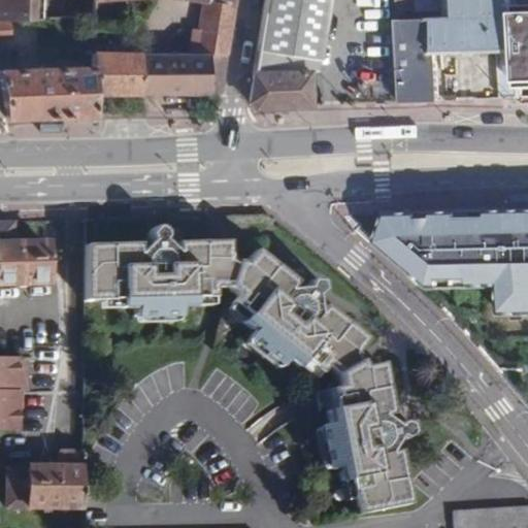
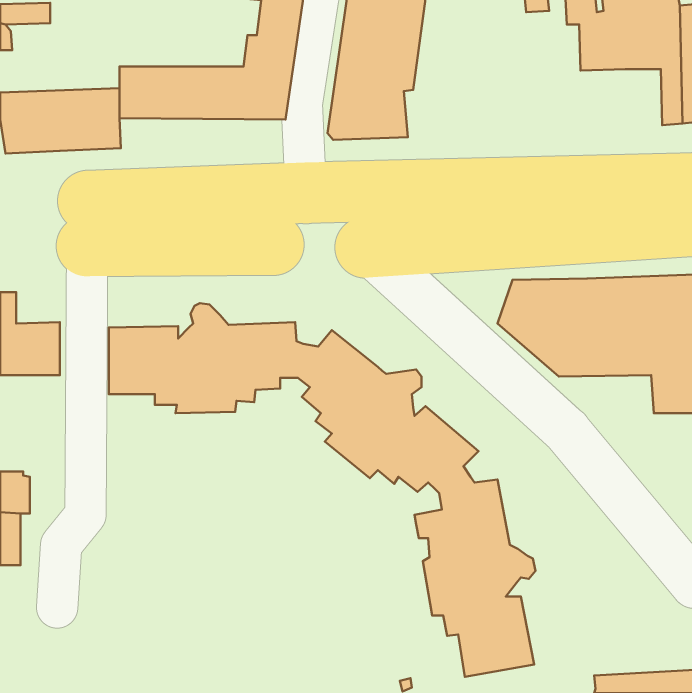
building: [401,19,442,101] -> none
building: [7,443,82,509] -> none

